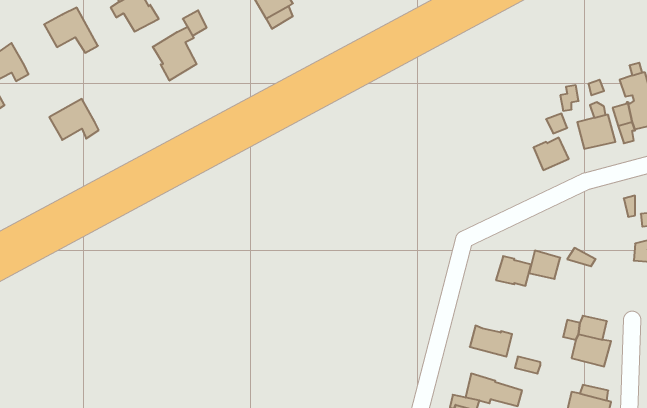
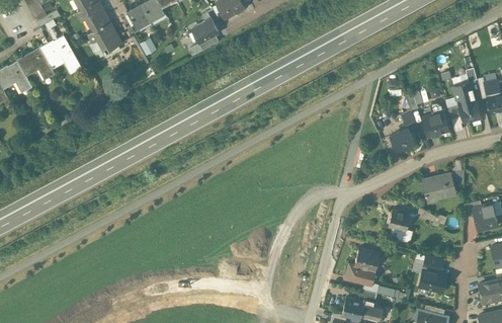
building: [153,27,197,81] -> none
building: [49,99,99,140] -> [17,48,53,77]
building: none -> [423,174,455,200]
building: [496,256,531,286] -> [354,248,380,269]

